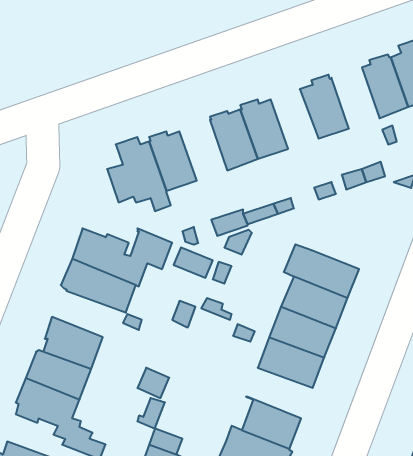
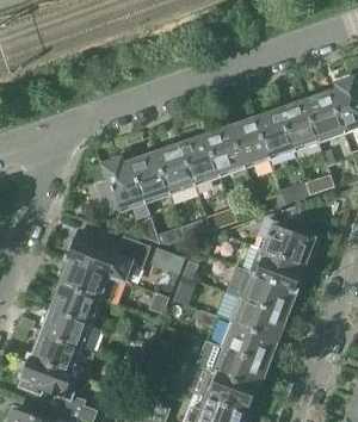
building: none -> [280,98,320,150]
building: none -> [230,116,270,167]
building: none -> [155,143,195,193]
building: none -> [263,204,319,266]
building: none -> [50,284,101,322]
building: none -> [211,347,265,389]

